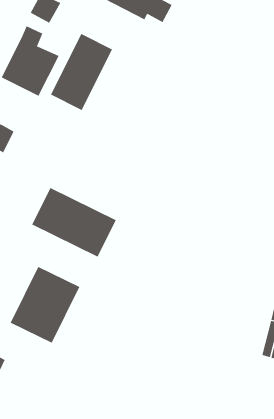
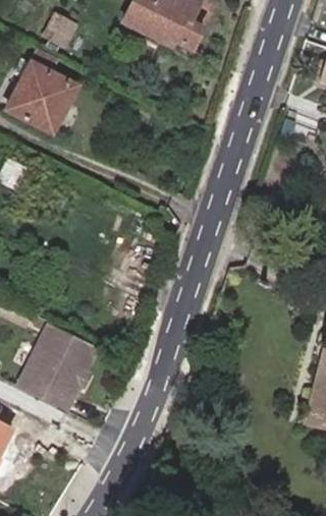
building: [50,33,113,111] -> none
building: [31,187,116,257] -> none

